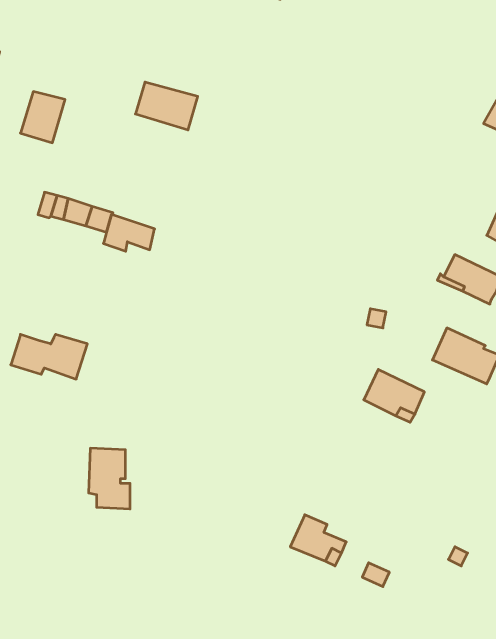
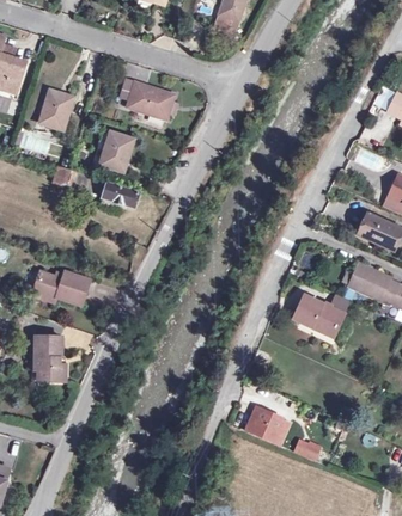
building: none -> [98,131,133,171]
building: [89,448,130,509] -> [35,336,66,381]

